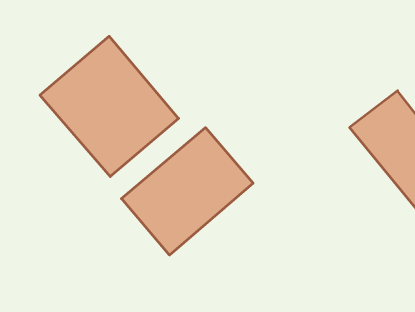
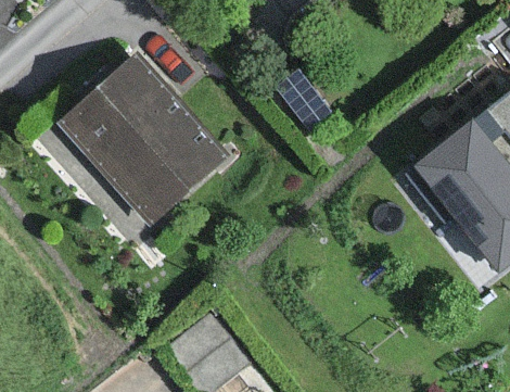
building: [121,128,253,255] -> none

